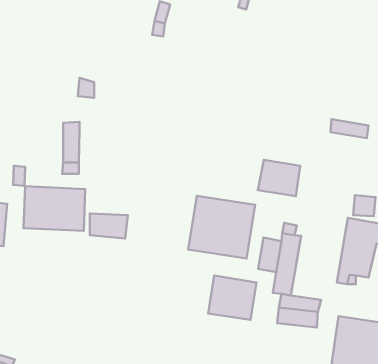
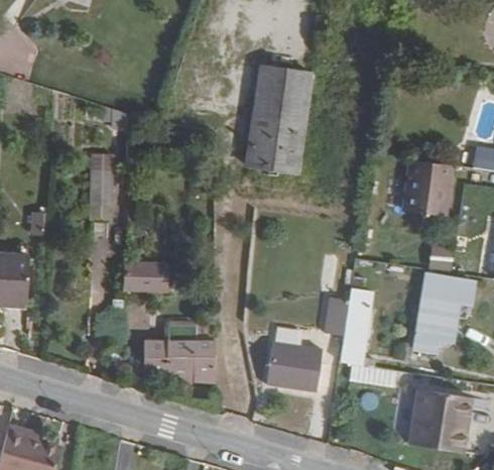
building: none -> [249,65,315,174]
building: [258,160,300,196] -> [399,172,449,215]
building: [23,186,85,231] -> none
building: [188,196,255,258] -> none
building: none -> [139,337,215,383]

